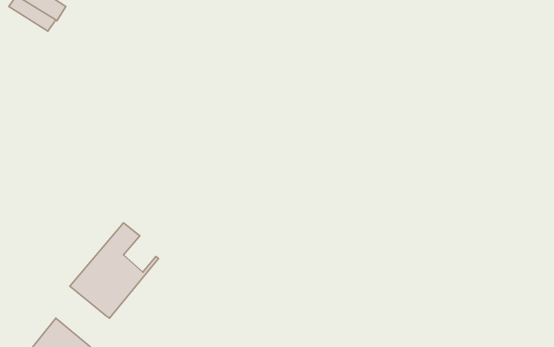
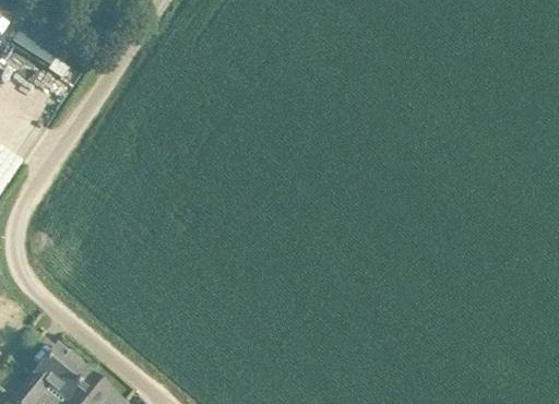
building: [70,223,159,318] -> none

